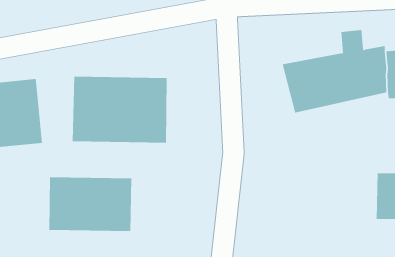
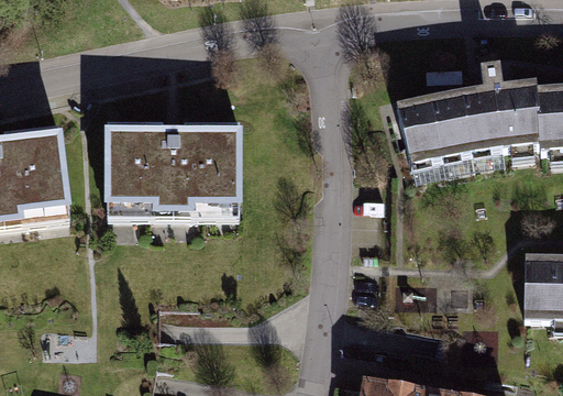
building: [49,177,132,232] -> none

